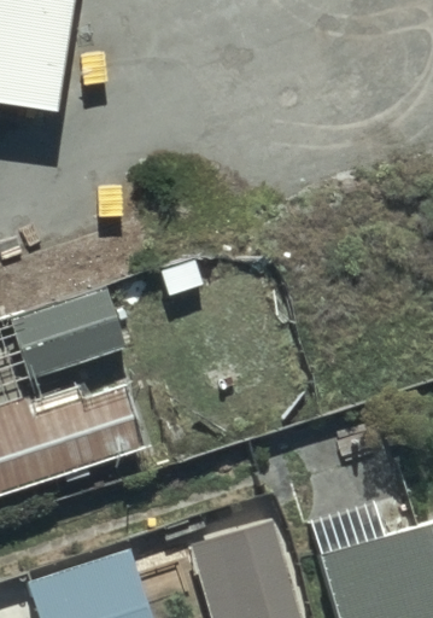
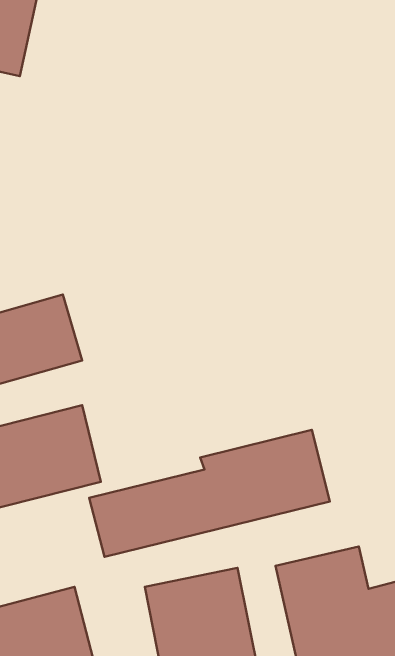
building: none -> [89,430,330,557]

